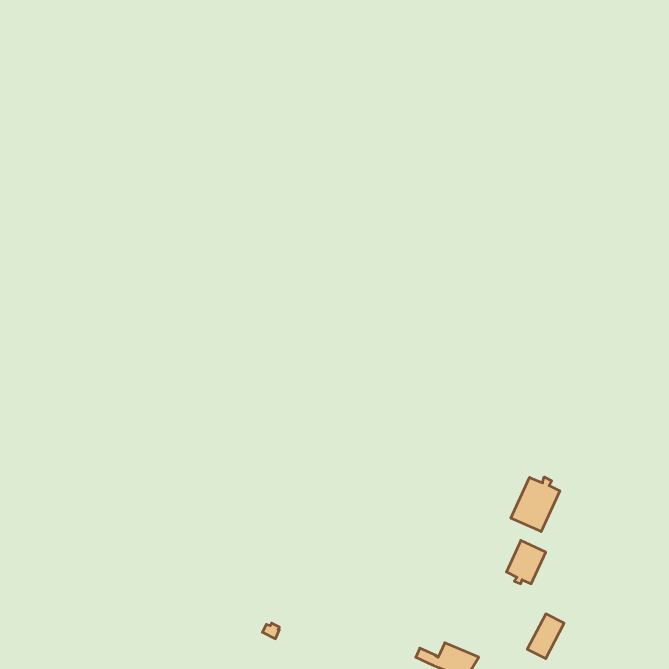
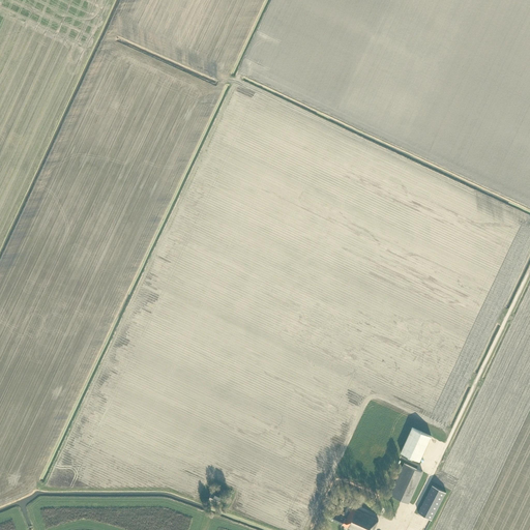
building: [511,477,560,532] -> none
building: none -> [388,464,422,503]

